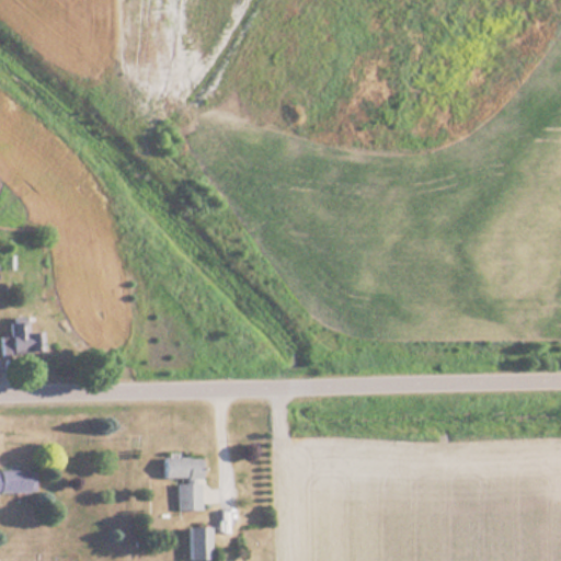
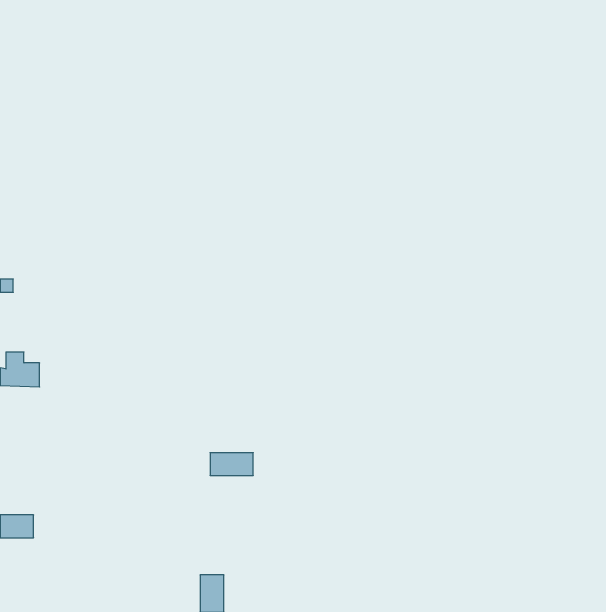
building: [164,457,204,478] -> [210,453,253,475]
building: [178,483,202,510] -> none

